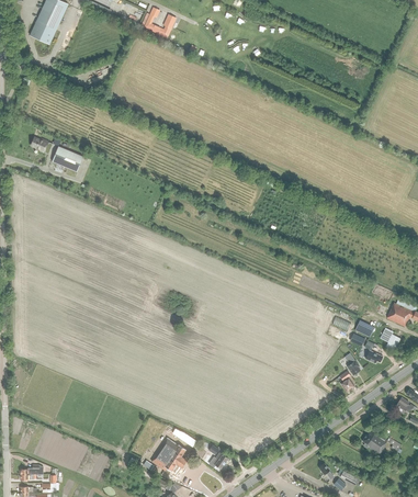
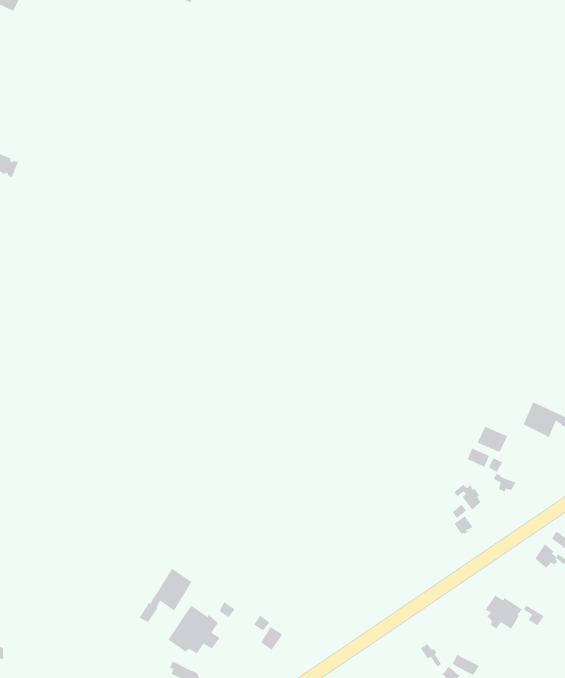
building: [52,146,83,172] -> none
building: none -> [139,568,192,623]

